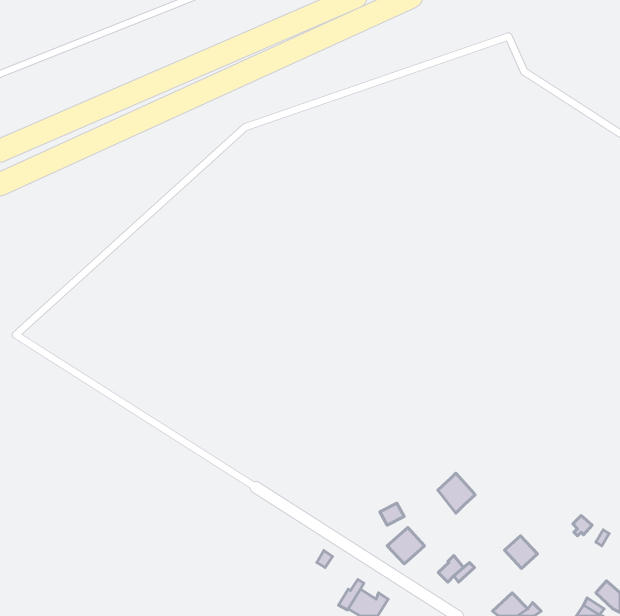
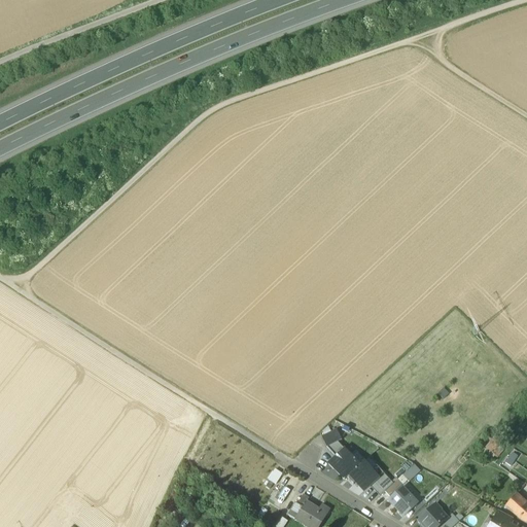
building: [438,473,475,513] -> [349,459,381,493]
building: [505,536,537,569] -> [389,486,417,514]

